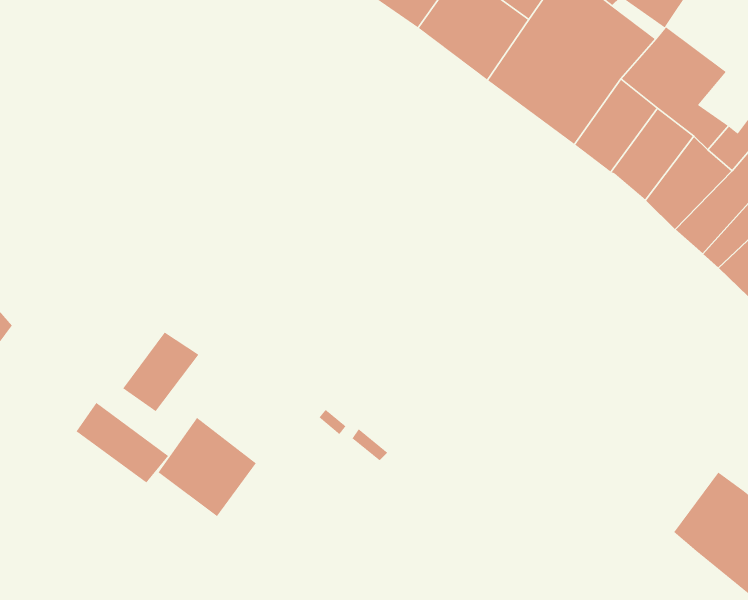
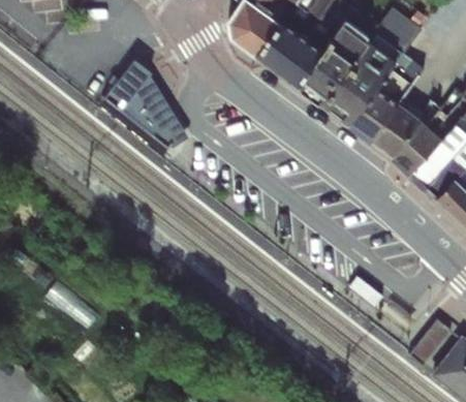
building: none -> [105,68,187,154]
building: [122,331,199,412] -> none
building: [158,417,257,517] -> none

